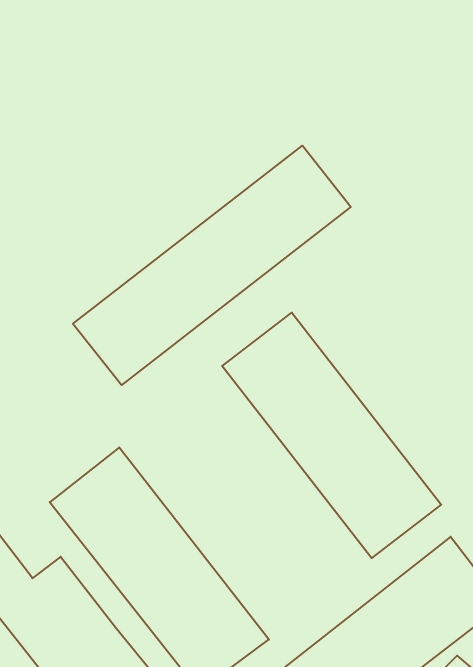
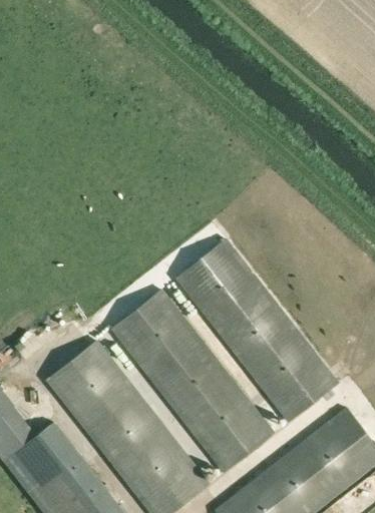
building: [73,146,351,385] -> none
building: none -> [111,289,276,473]

